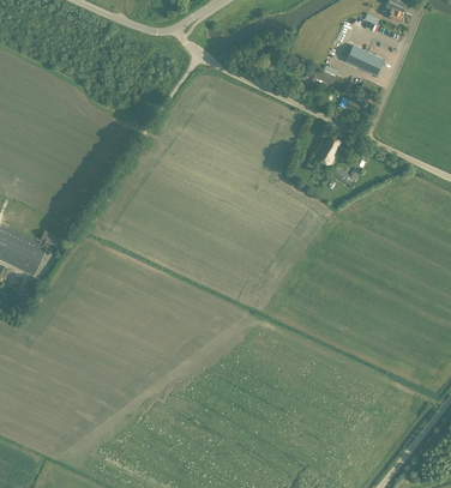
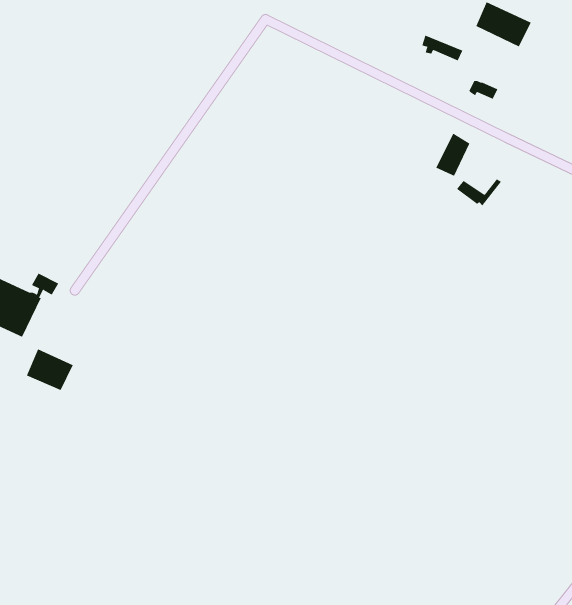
building: none -> [26,348,73,391]

